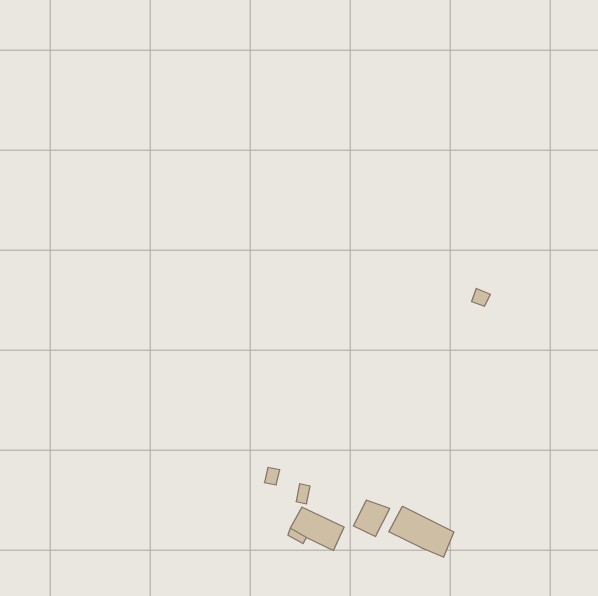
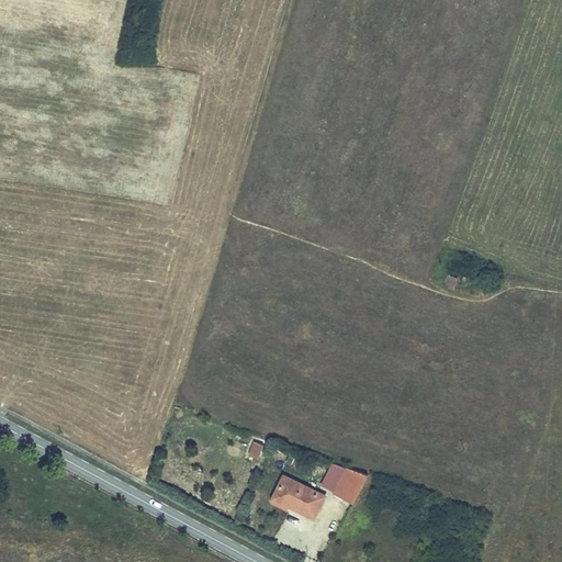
building: [389,506,454,557] -> none

